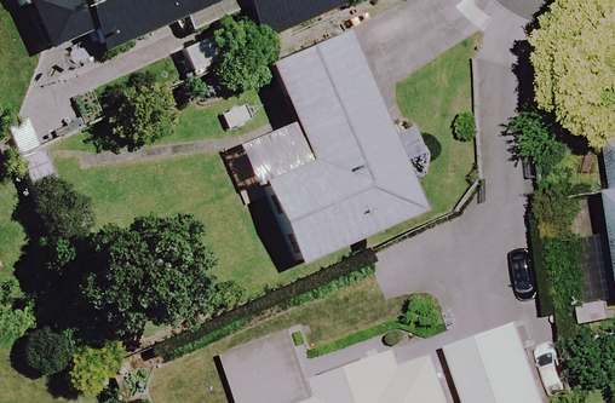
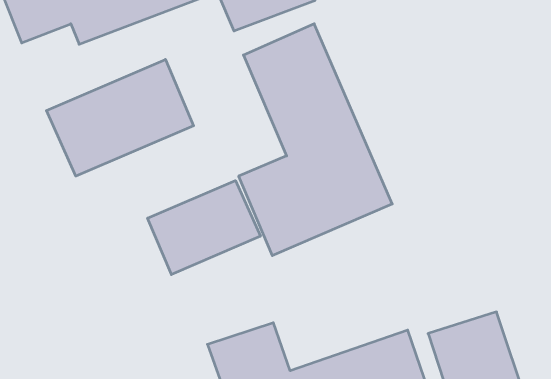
building: none -> [46,59,194,176]
building: none -> [148,181,260,275]

